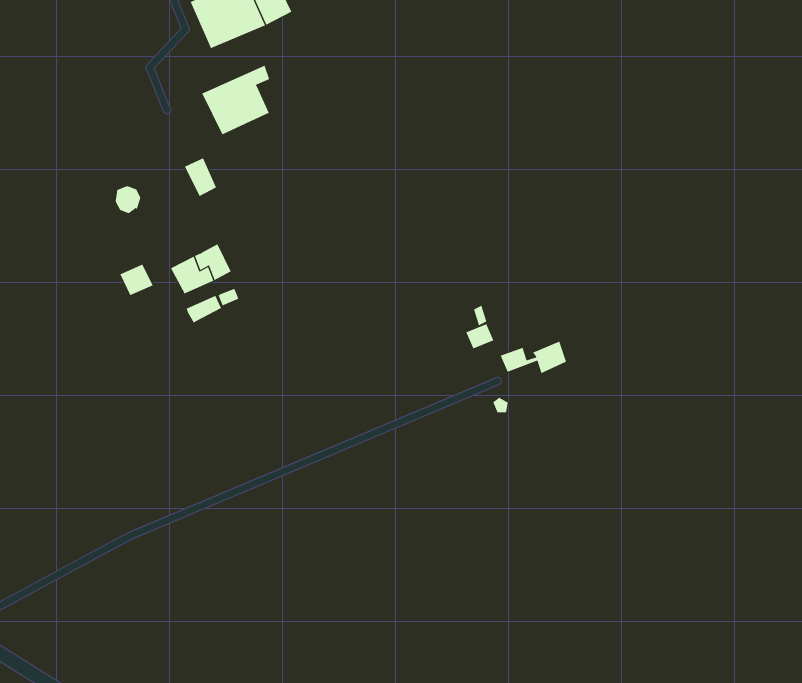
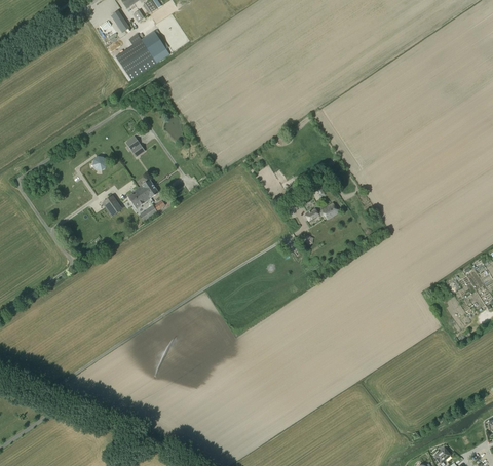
building: [202,65,270,135] -> none

